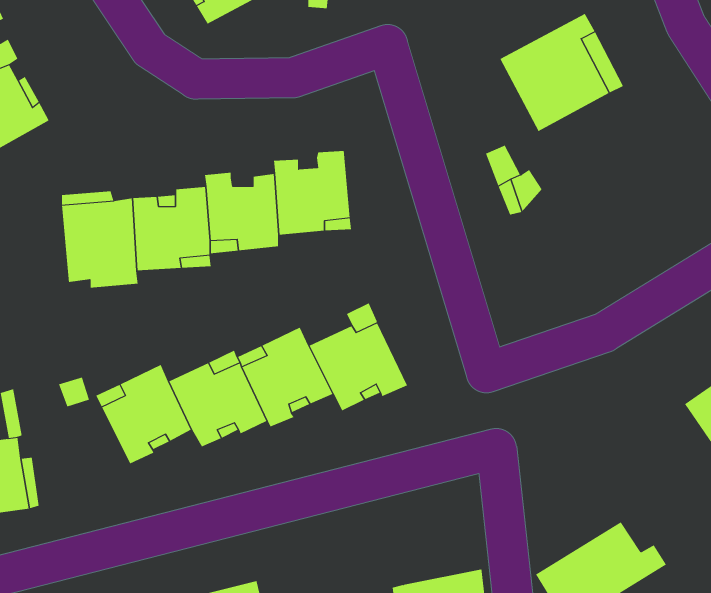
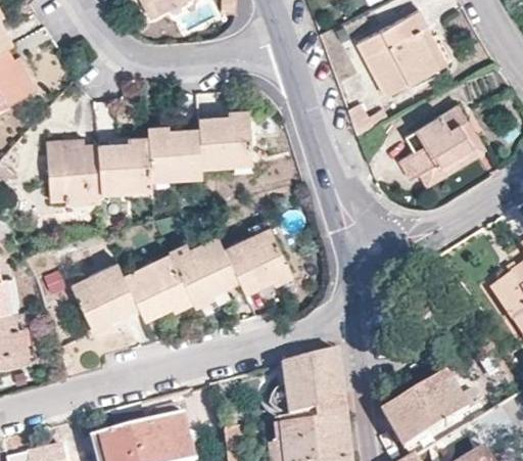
building: none -> [399,104,485,189]
building: none -> [284,353,345,418]

